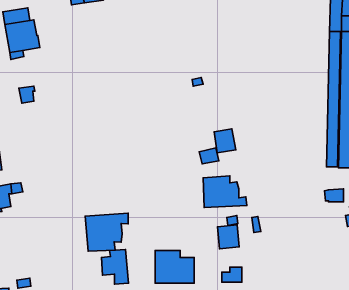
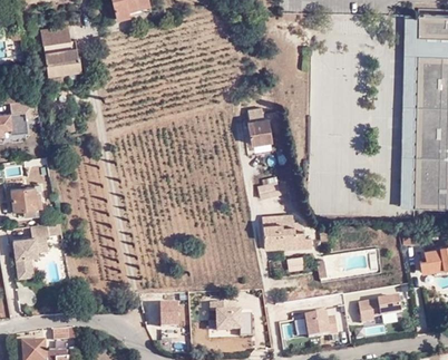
building: [214,129,236,153] -> [250,121,274,148]
building: [85,213,128,251] -> none
building: [217,225,239,249] -> [306,309,331,335]
building: none -> [360,293,405,323]

